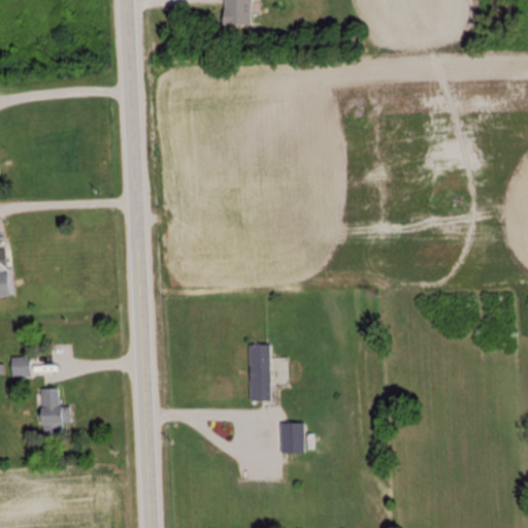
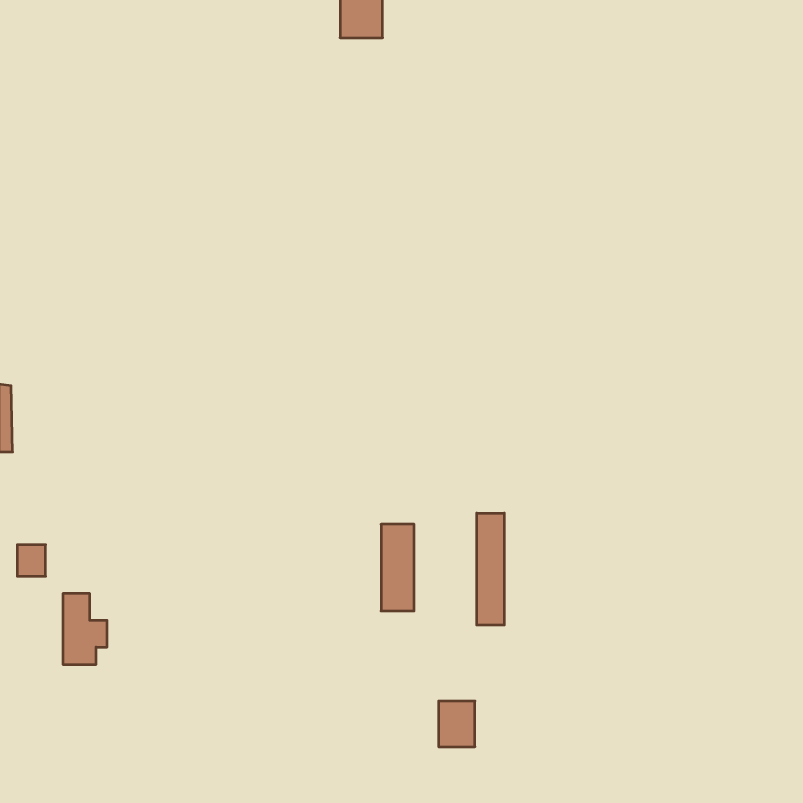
building: none -> [477,513,504,625]
building: [282,423,305,453] -> [439,701,475,747]

